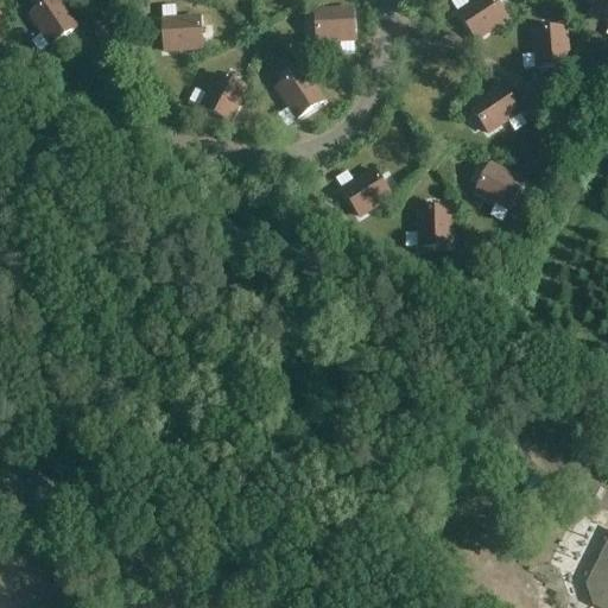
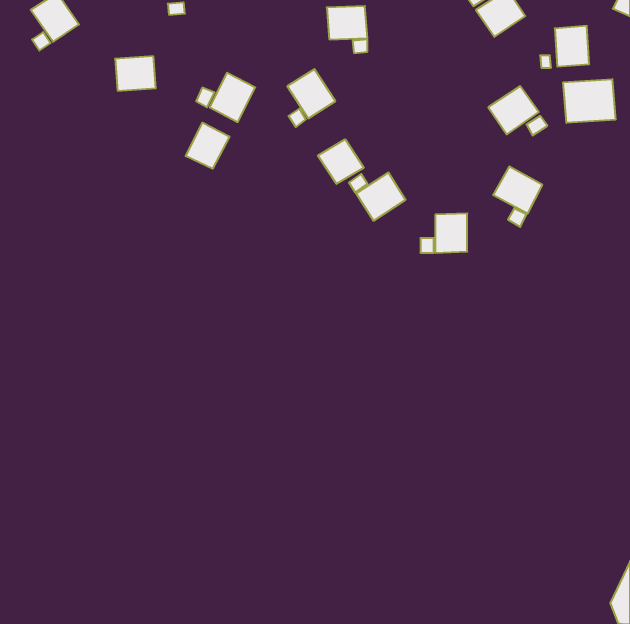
building: [163,14,202,48] -> [115,56,156,91]
building: none -> [563,79,615,123]
building: none -> [186,123,229,169]
building: none -> [318,139,364,184]

